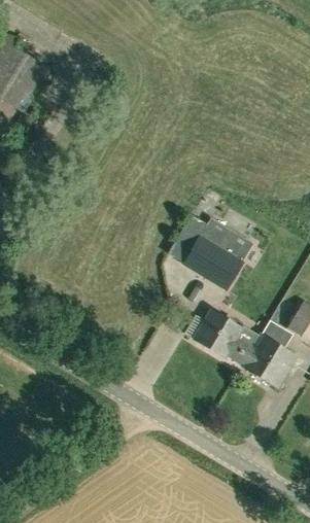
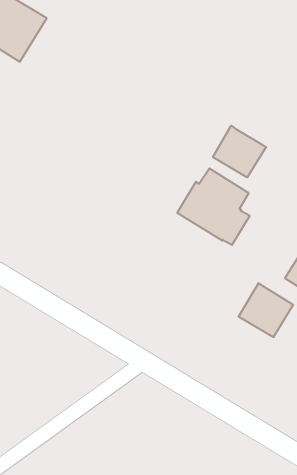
building: none -> [213,126,266,177]
building: [193,309,257,361] -> none

